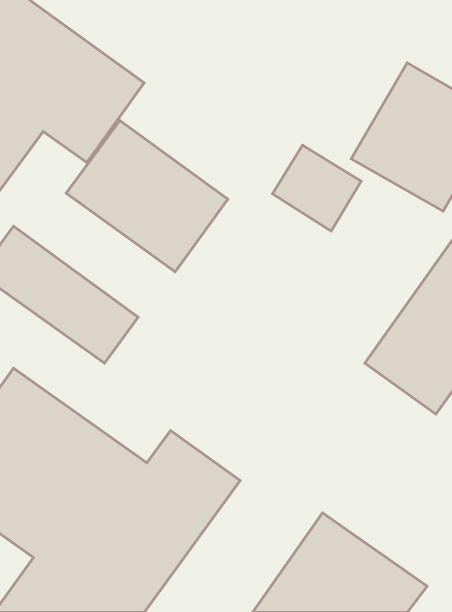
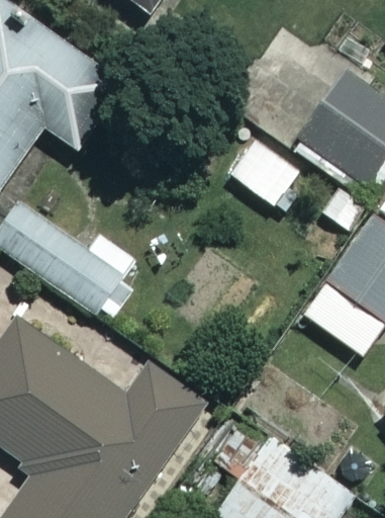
building: [66,120,228,272] -> none

